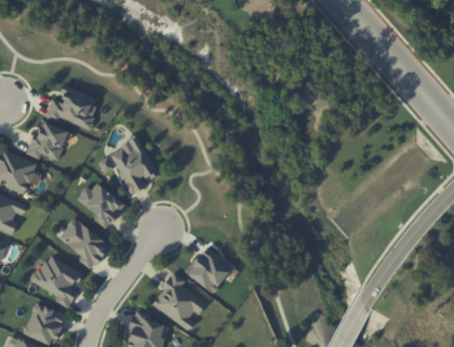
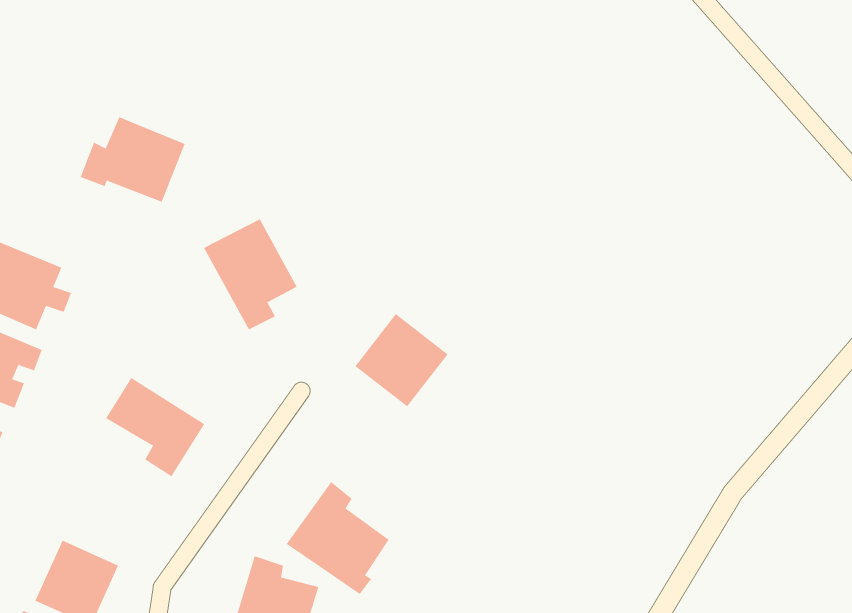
building: [26,120,69,160] -> none
building: [75,183,125,226] -> none
building: [185,246,234,294] -> [354,313,449,407]
building: [32,254,82,308] -> none

